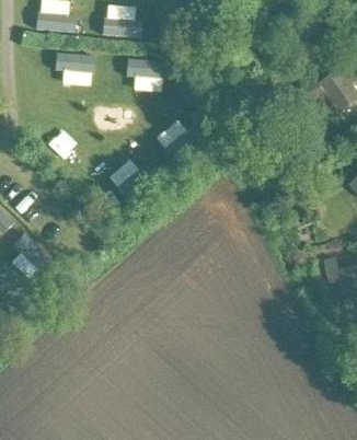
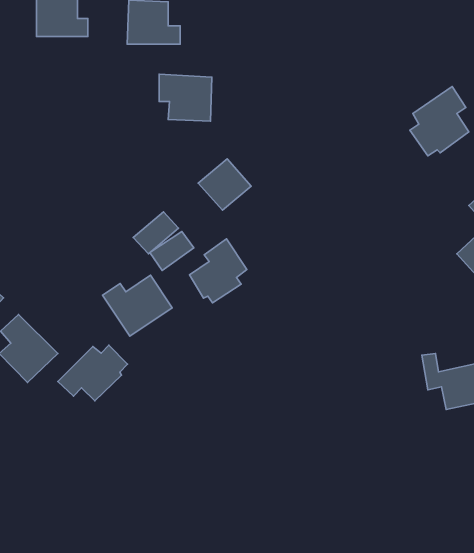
building: [54,51,96,84] -> none
building: none -> [189,239,247,303]
building: none -> [103,275,172,336]
building: none -> [58,345,128,401]

